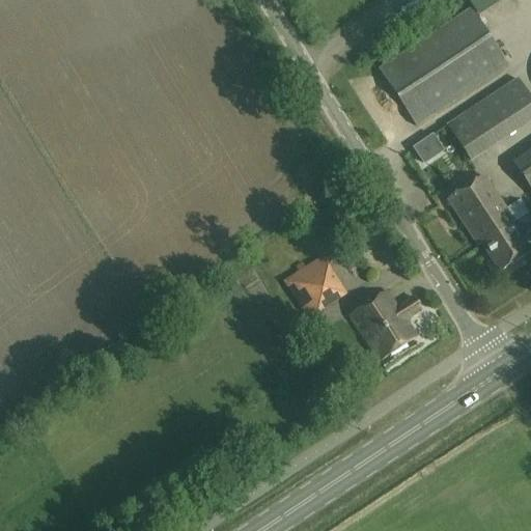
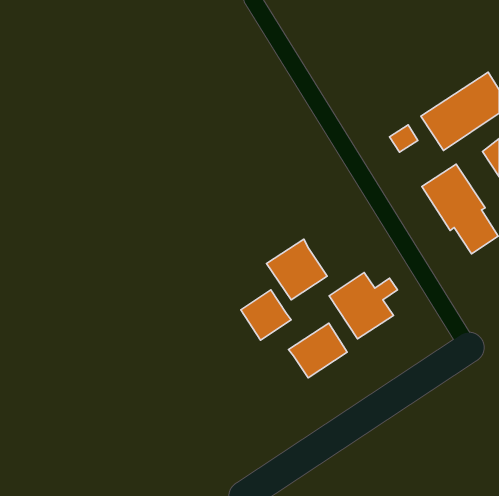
building: [379,6,509,123] -> none
building: none -> [241,290,291,340]
building: none -> [289,323,347,378]

